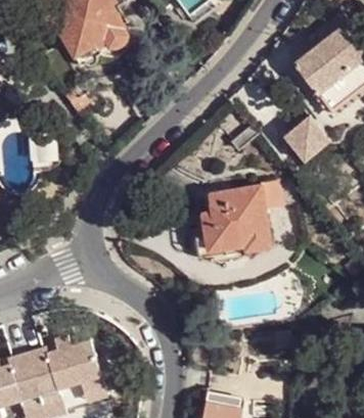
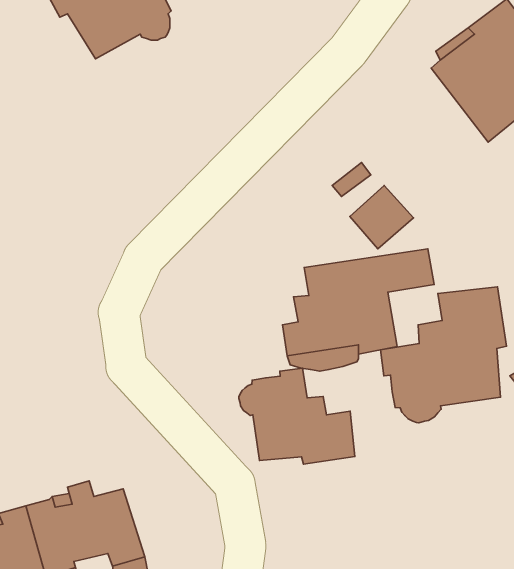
building: [286,119,328,160] -> [350,185,413,249]
building: none -> [381,287,506,423]
building: none -> [239,368,355,464]

